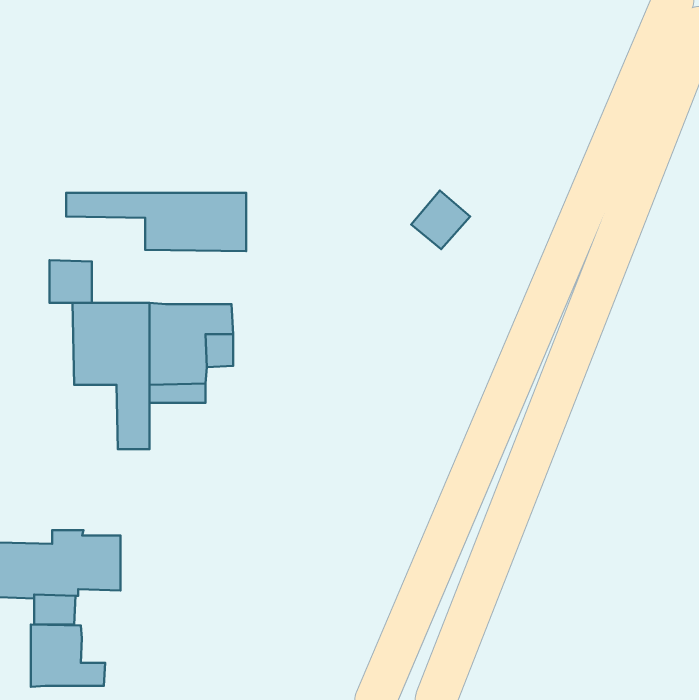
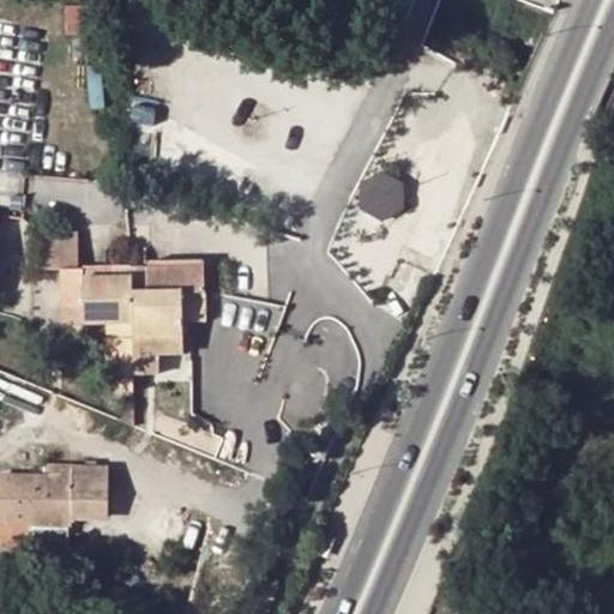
building: [66,193,246,251] -> none
building: [31,625,105,687] -> none

